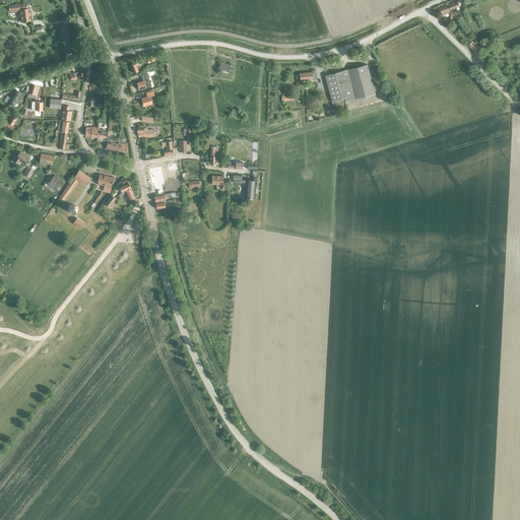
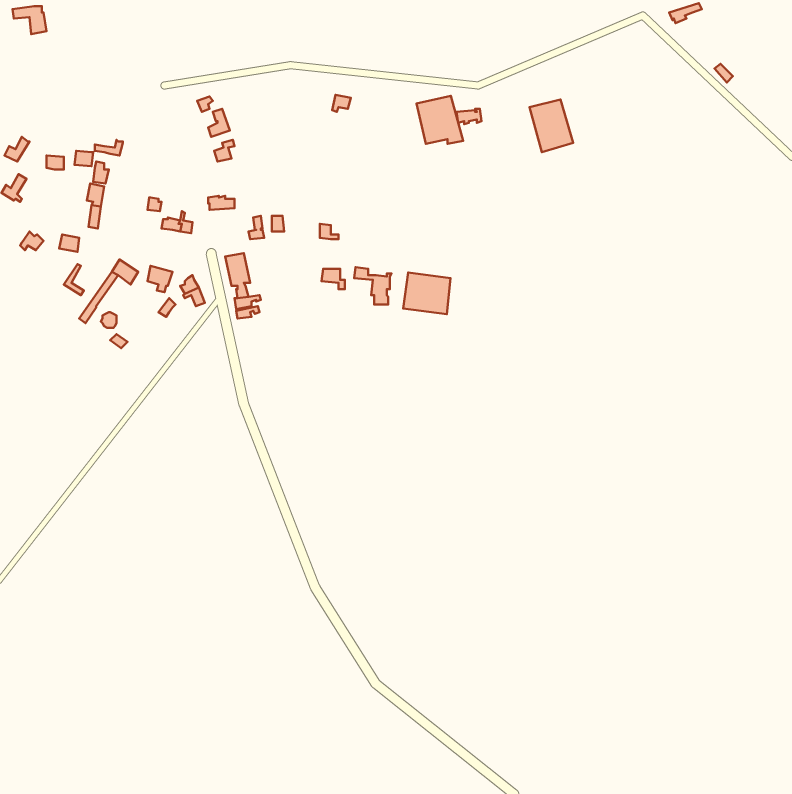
building: [324,70,354,102] -> [417,96,463,144]
building: none -> [403,273,450,314]

